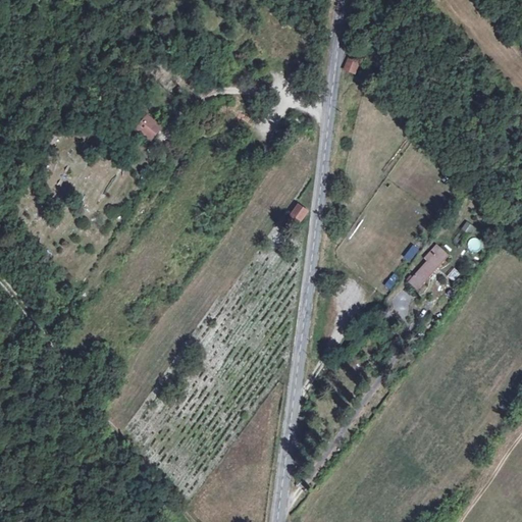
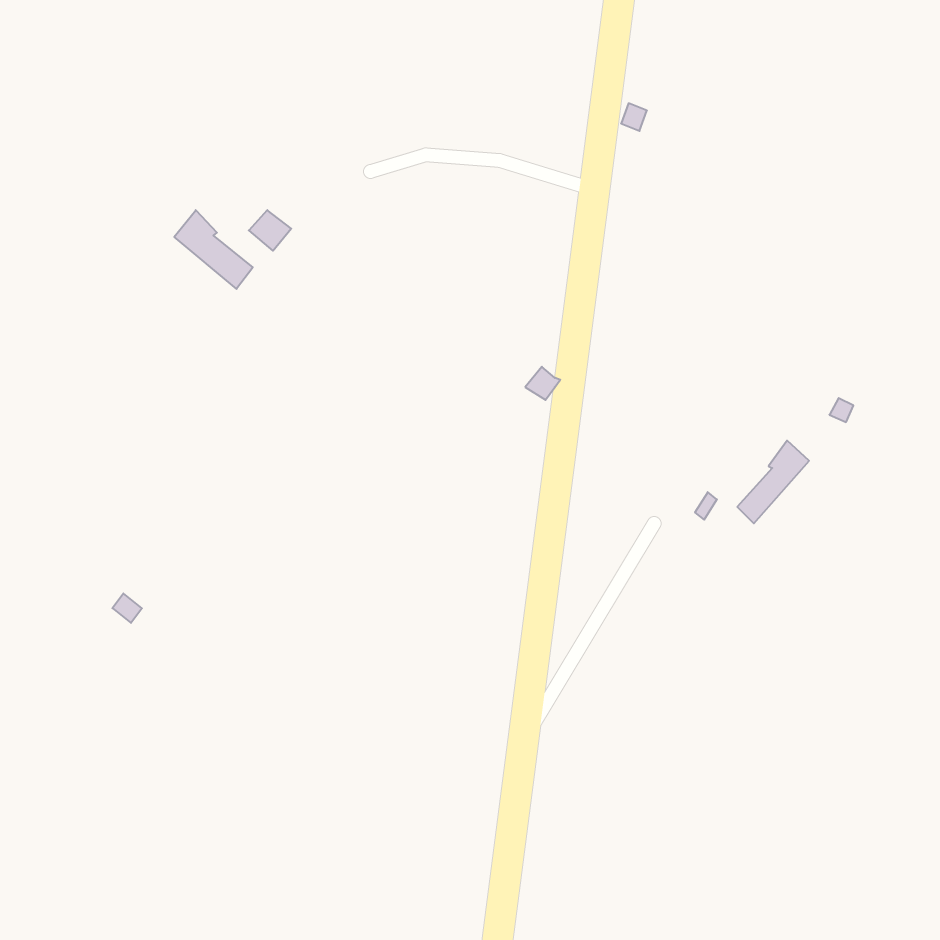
building: none -> [174,210,253,289]

